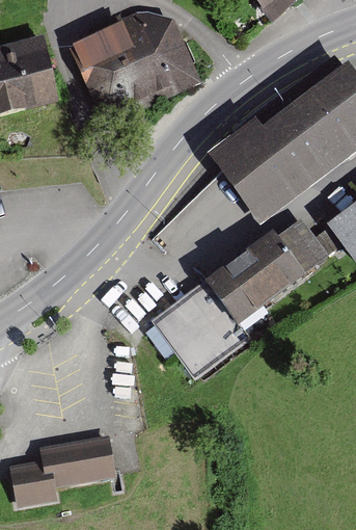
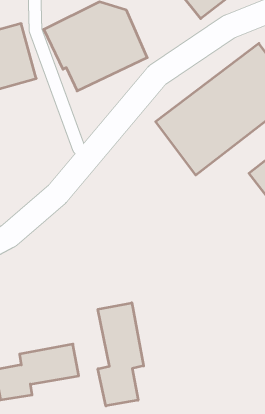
building: [153,212,327,376] -> none
building: none -> [98,303,144,406]

